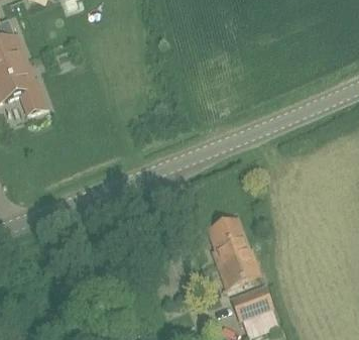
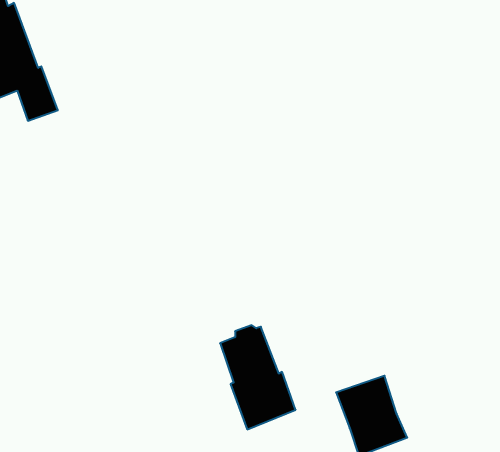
building: [209,218,259,288] -> [220,325,296,429]

